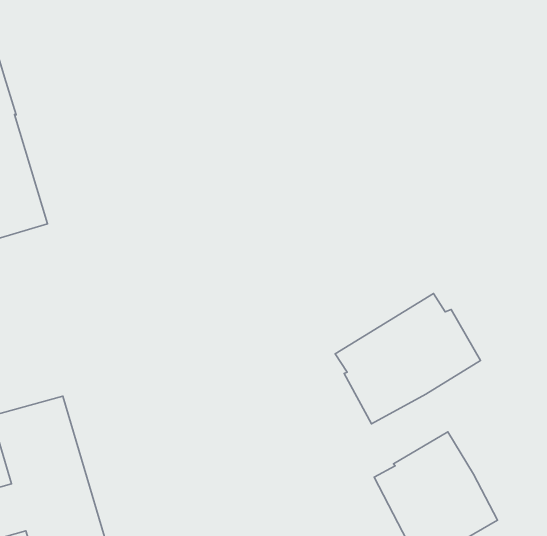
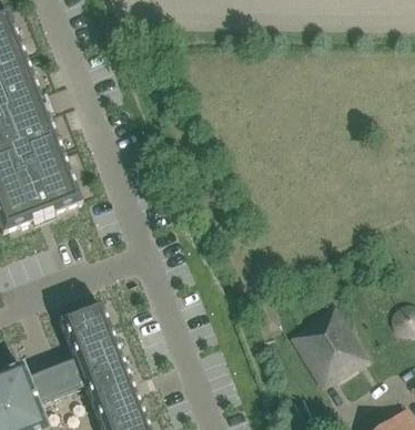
building: [335,293,480,424] -> none

